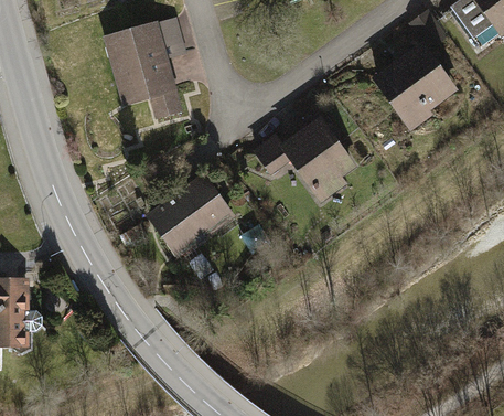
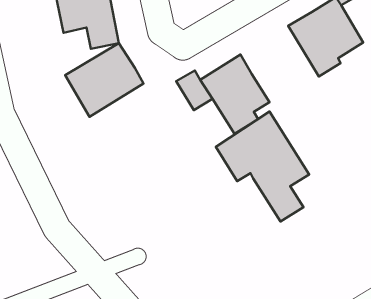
building: [146,173,234,258] -> [65,43,143,117]
building: none -> [216,112,309,221]

